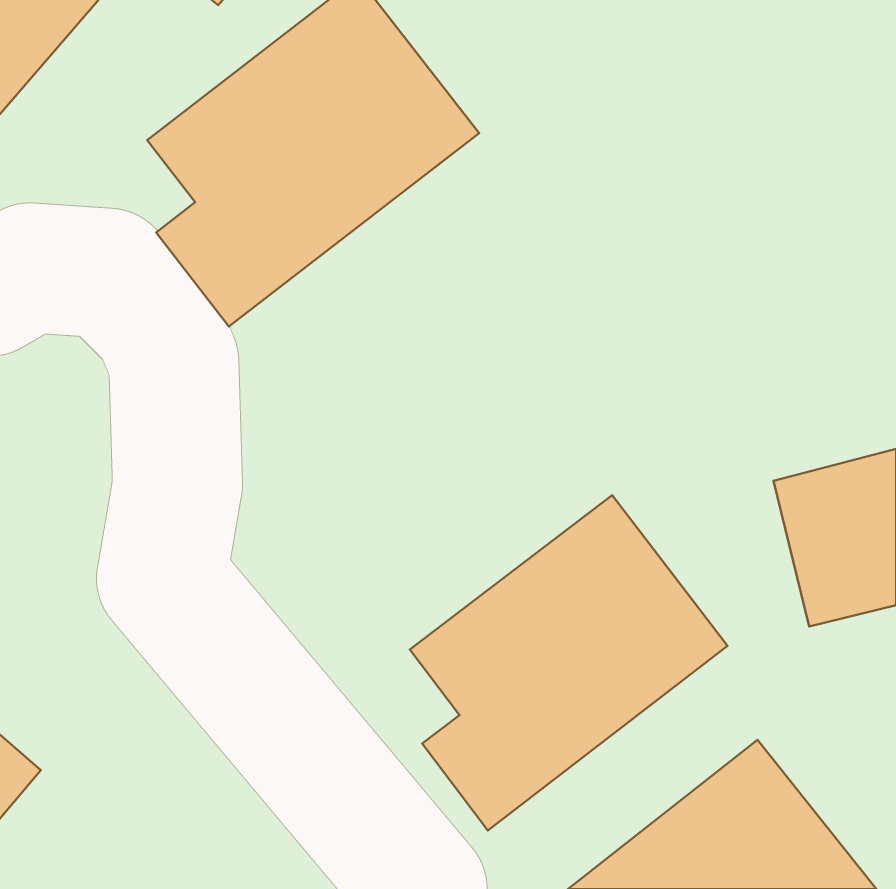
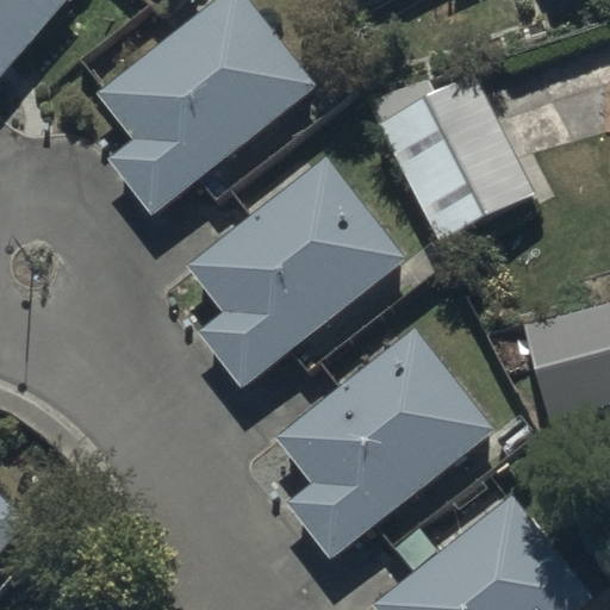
building: none -> [375,70,534,244]
building: none -> [188,154,409,392]

